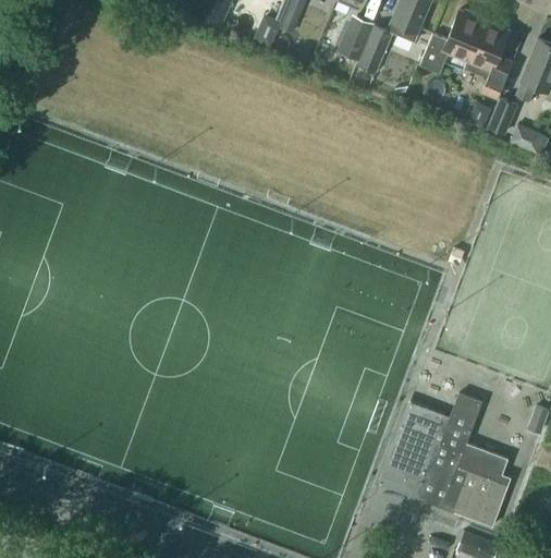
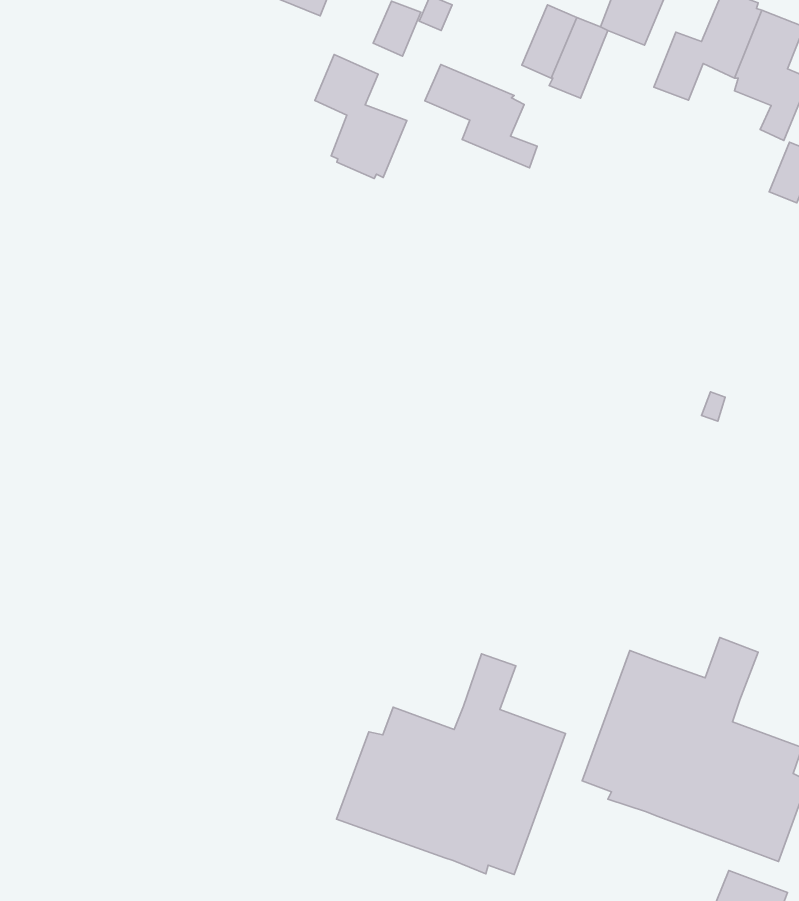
building: none -> [315,55,407,179]
building: none -> [425,65,537,168]
building: none -> [337,654,566,874]

